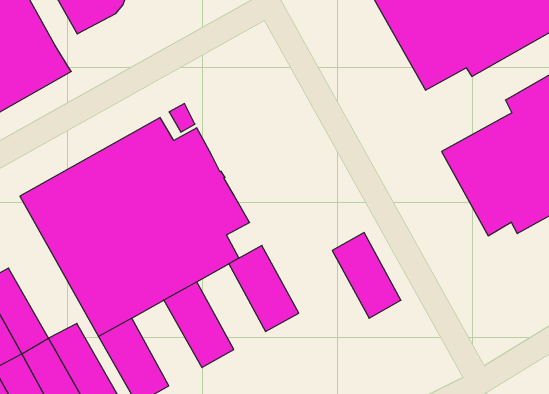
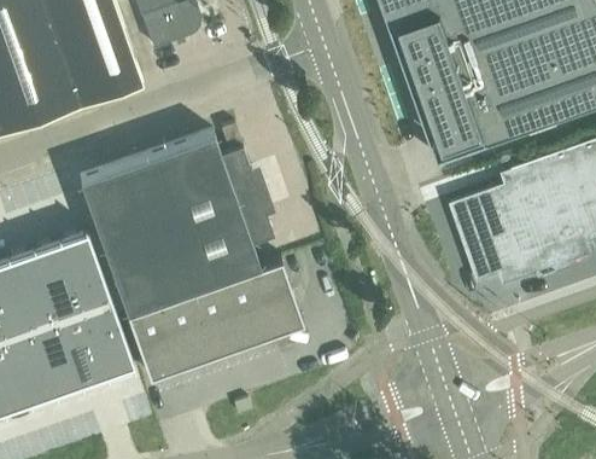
building: [332,233,401,318] -> [220,273,271,348]
building: none -> [59,234,110,310]
building: none -> [158,295,211,370]

